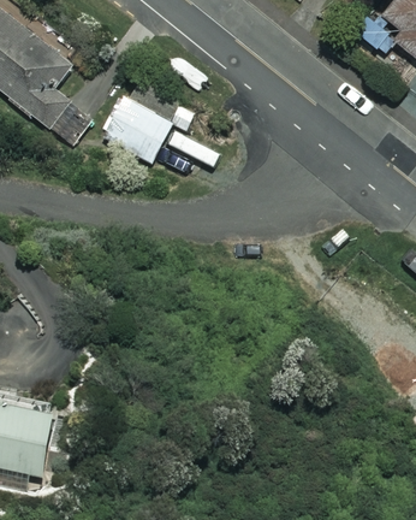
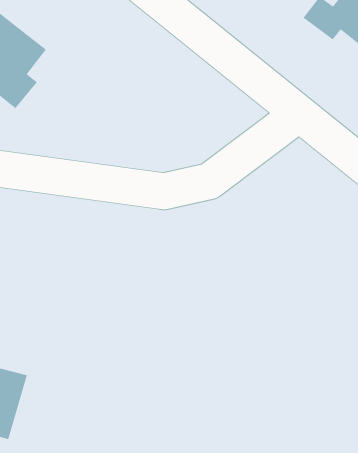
building: [97,94,171,162] -> none

